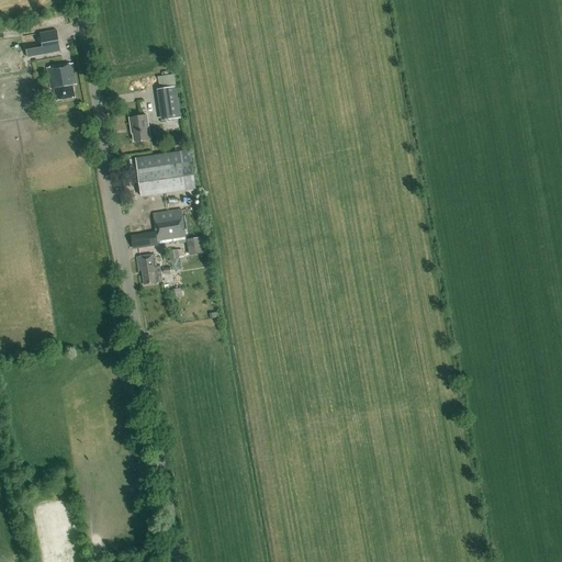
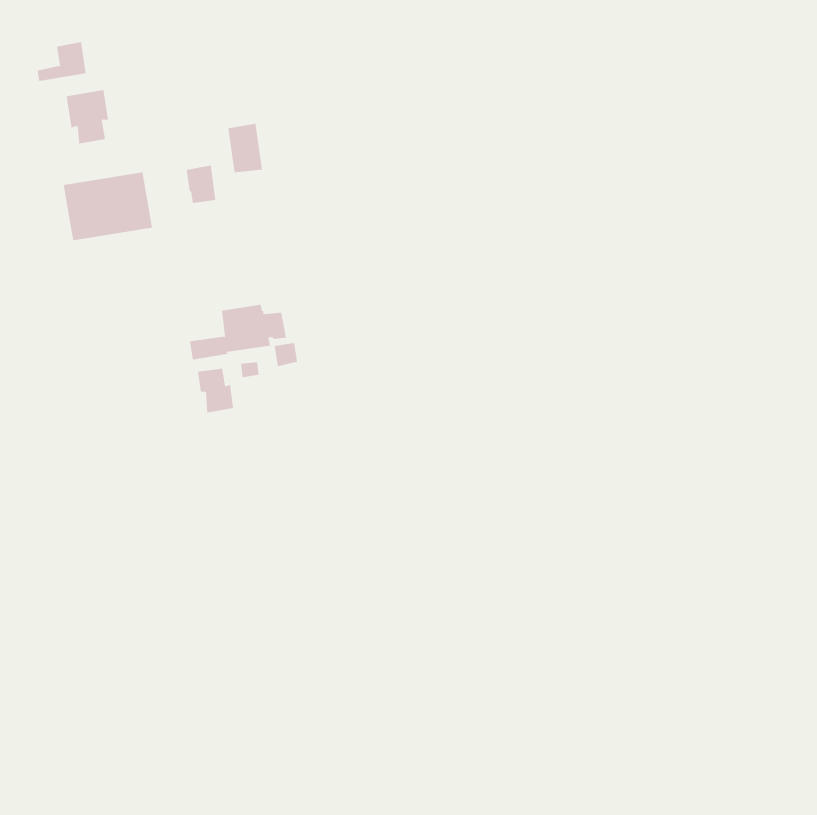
building: [134,148,195,195] -> [63,172,153,241]

